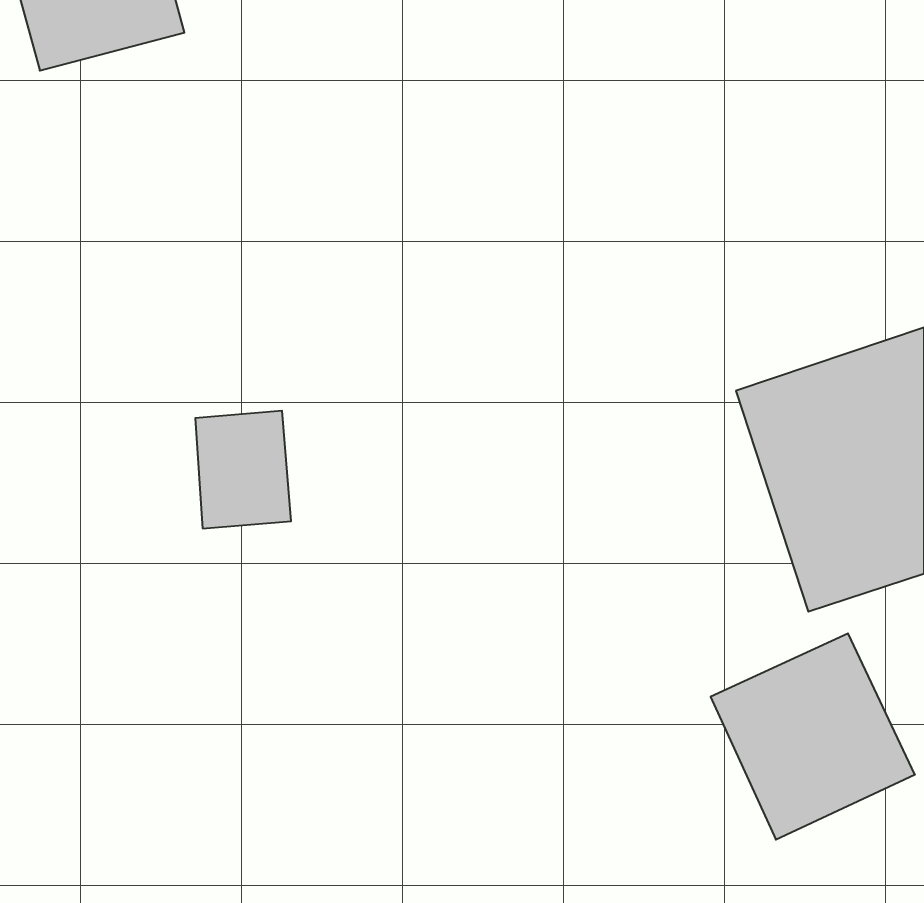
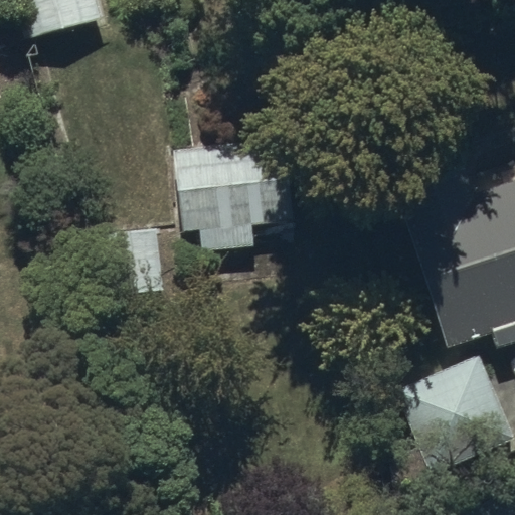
building: none -> [175,141,299,251]

